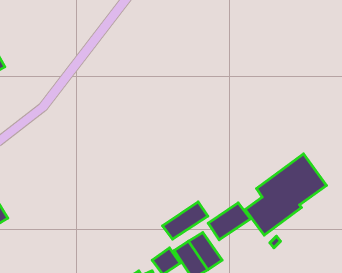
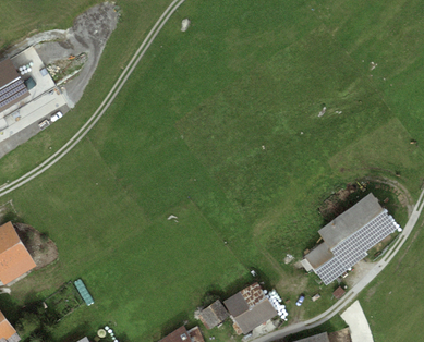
building: [162,202,208,239] -> none
building: [208,203,251,240] -> none

